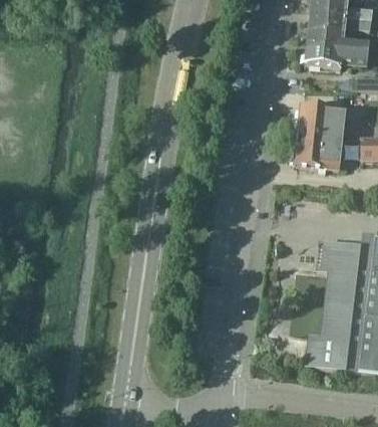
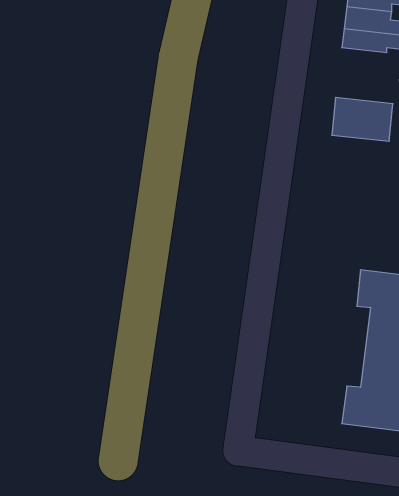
building: [295,132,344,167] -> none

